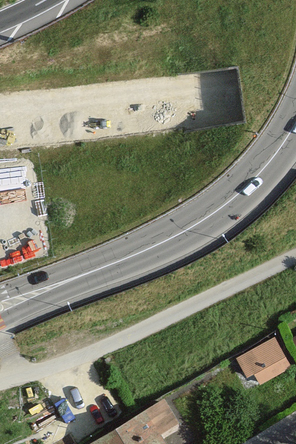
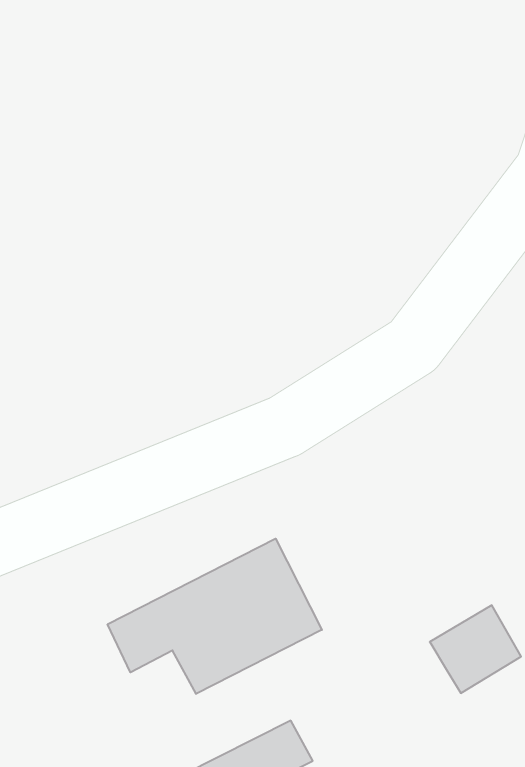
building: none -> [108,539,322,694]

